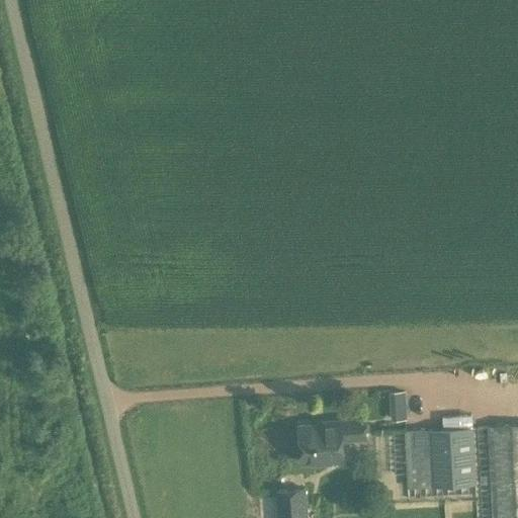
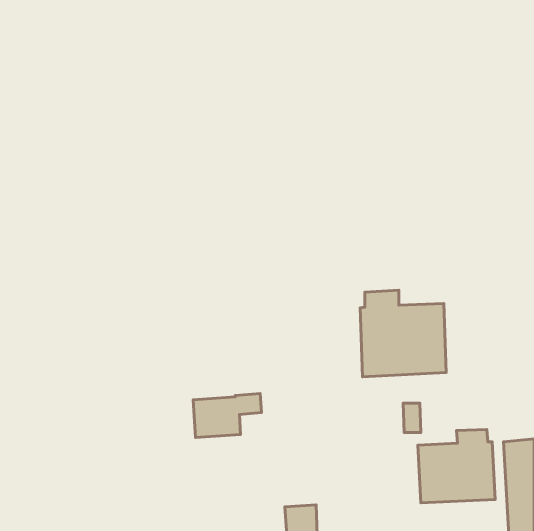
building: none -> [360,290,446,377]
building: [296,423,362,465] -> [193,394,261,438]

